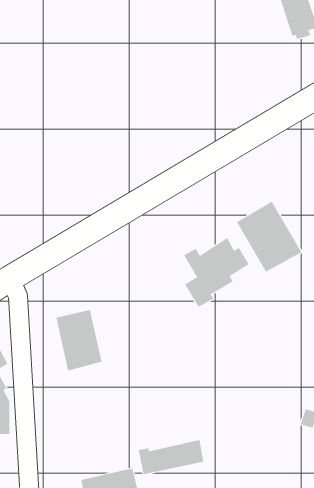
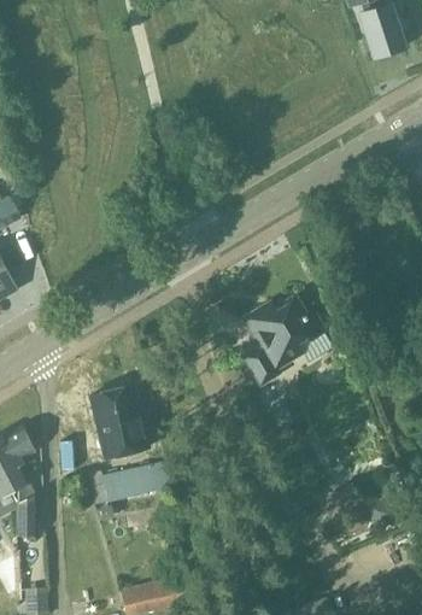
building: [236,201,302,273] -> none
building: [138,440,204,475] -> [87,462,166,504]

